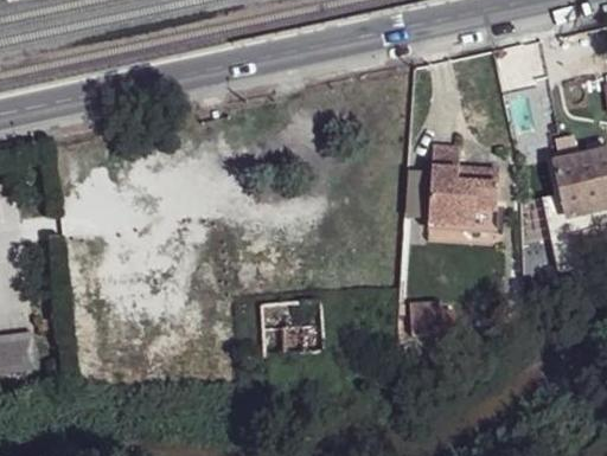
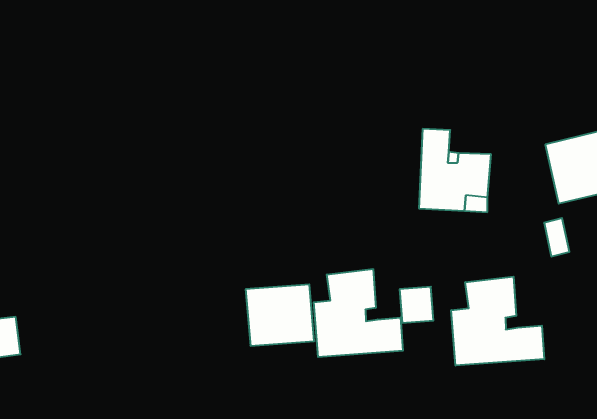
building: none -> [314,269,403,357]
building: none -> [451,277,544,366]

